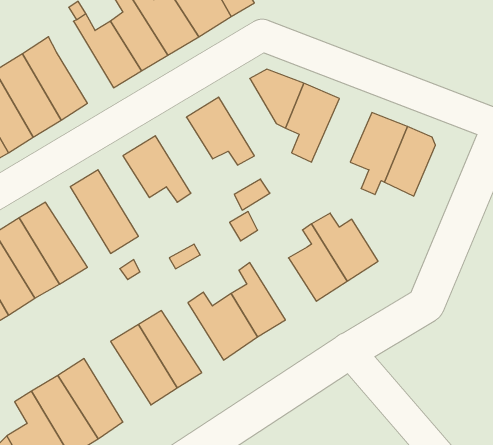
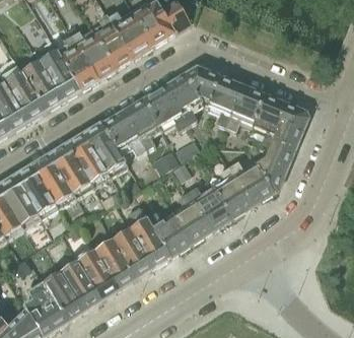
building: none -> [59,37,96,90]
building: none -> [165,74,203,125]
building: none -> [226,87,266,133]
building: none -> [124,99,161,149]
building: none -> [86,125,130,178]
building: none -> [253,141,293,194]
building: none -> [52,145,94,198]
building: none -> [186,189,229,232]
building: none -> [128,217,168,267]
building: none -> [77,247,121,299]

